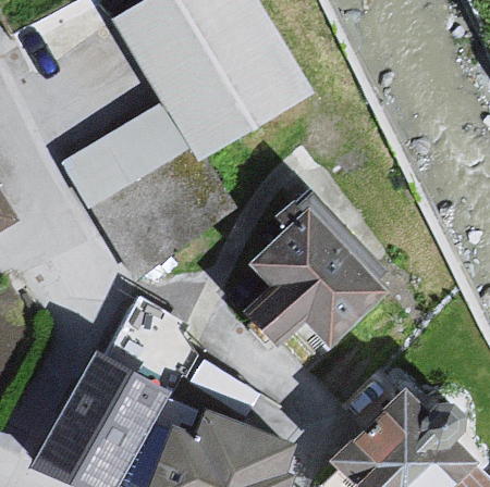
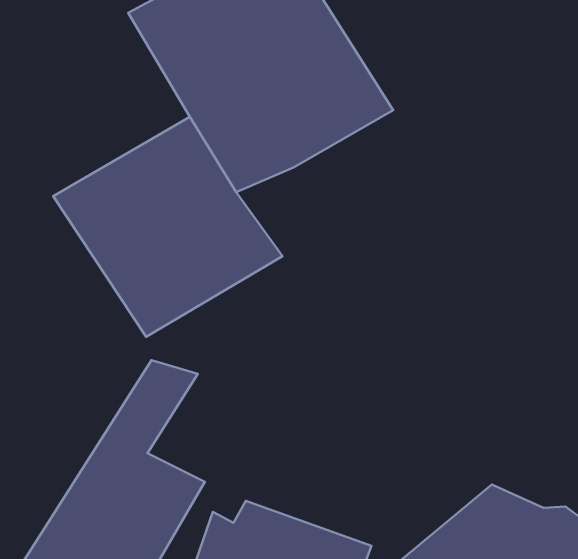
building: [238,204,405,354] -> none

